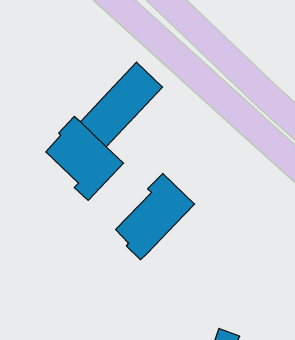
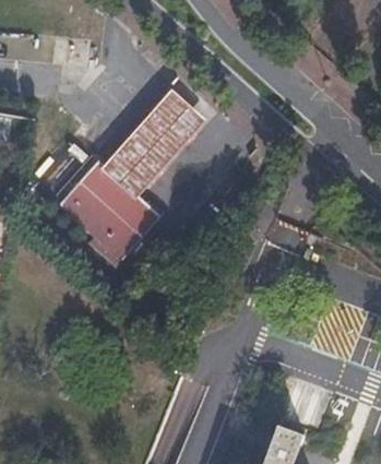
building: [116,173,195,260] -> none

